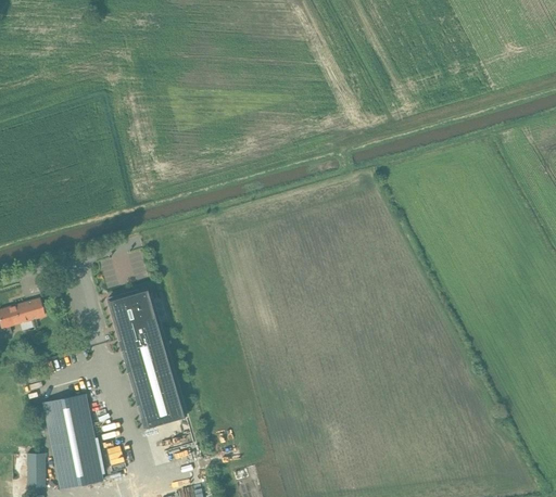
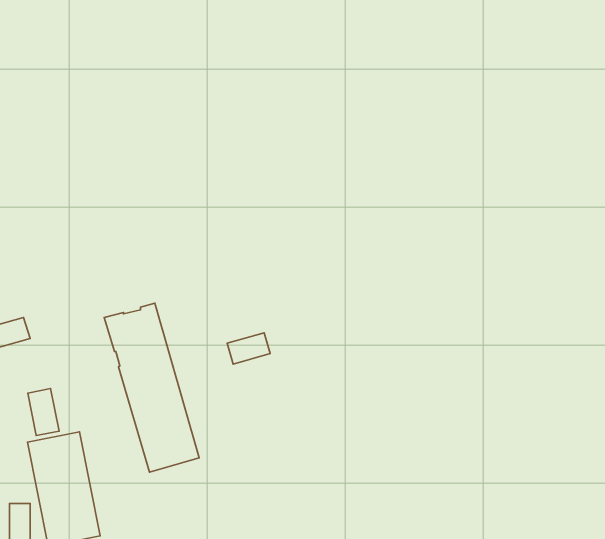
building: none -> [227,333,270,364]
building: none -> [28,388,59,436]

